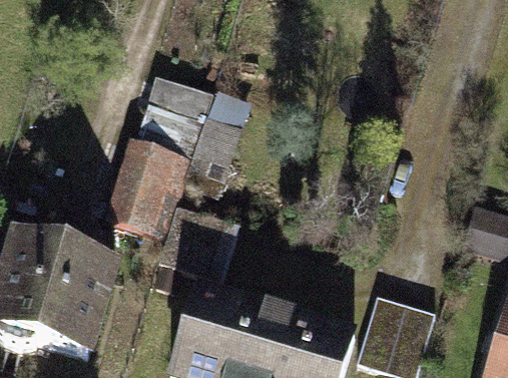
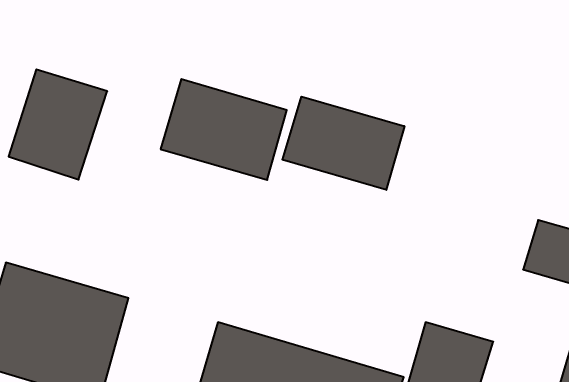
building: none -> [282,97,404,190]
building: [100,150,186,247] -> [9,69,107,180]

